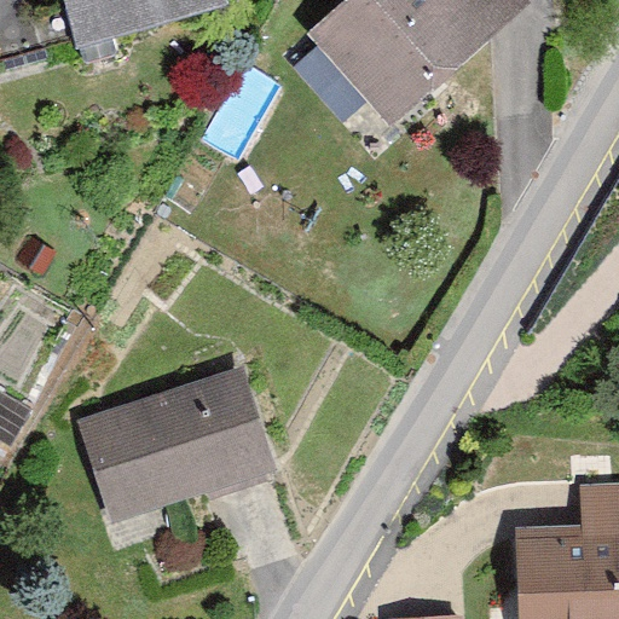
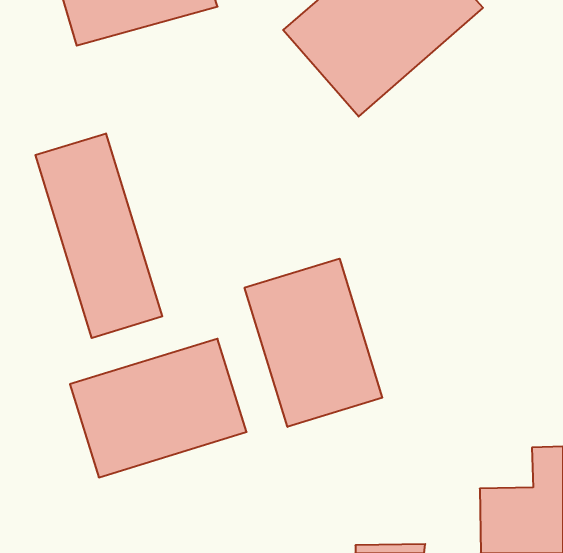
building: none -> [35,133,162,338]
building: none -> [245,259,382,427]

